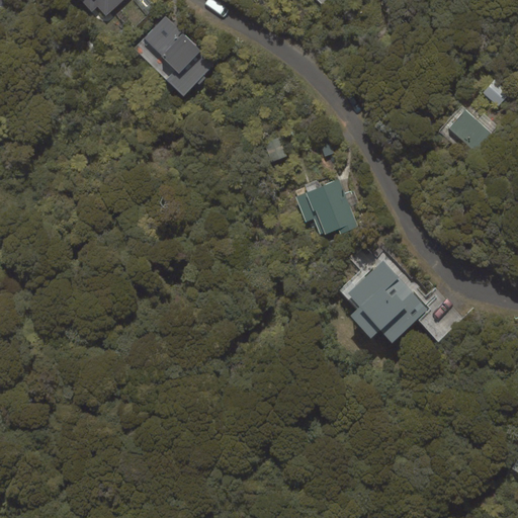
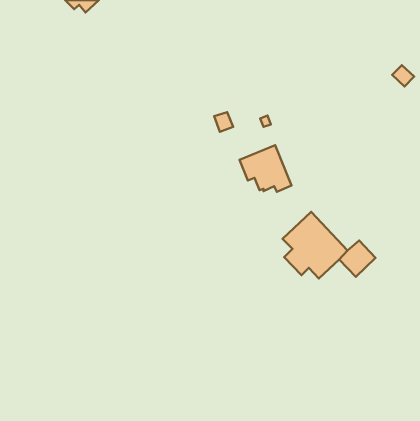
building: [133,16,213,96] -> none
building: [448,109,490,151] -> none

